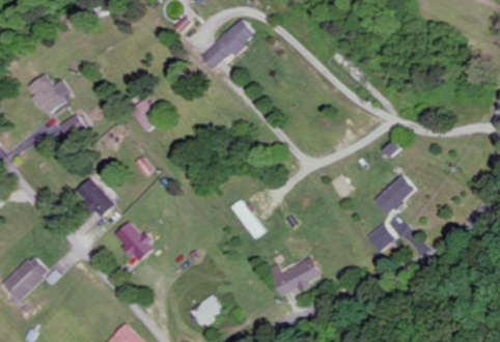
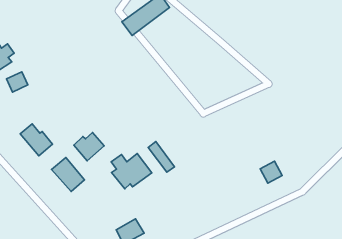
building: [374,174,418,215] -> none
building: none -> [74,132,104,161]
building: none -> [111,154,152,189]
building: [269,258,323,296] -> none

